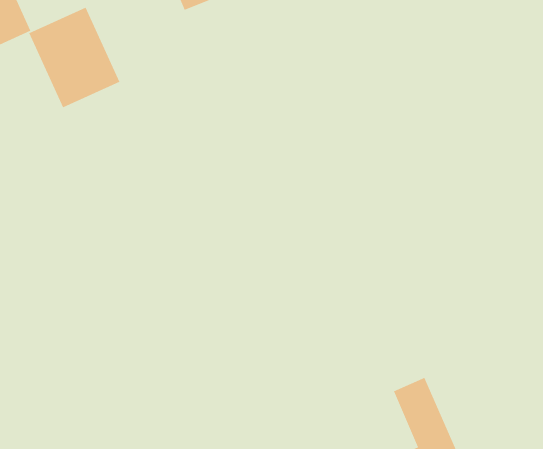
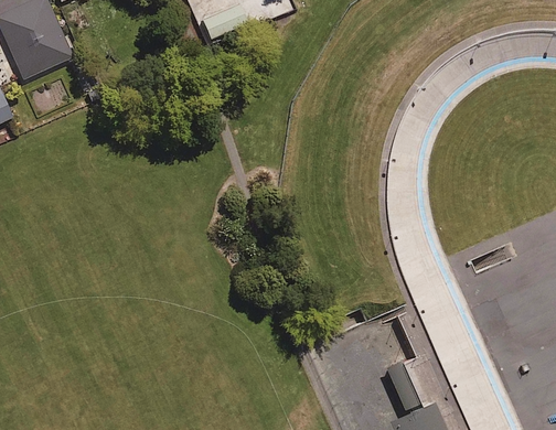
building: [29,7,120,108] -> none

